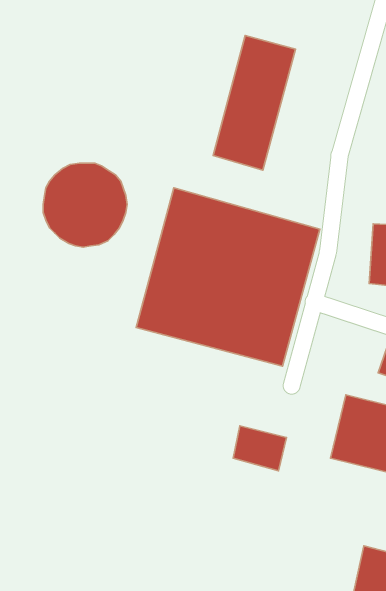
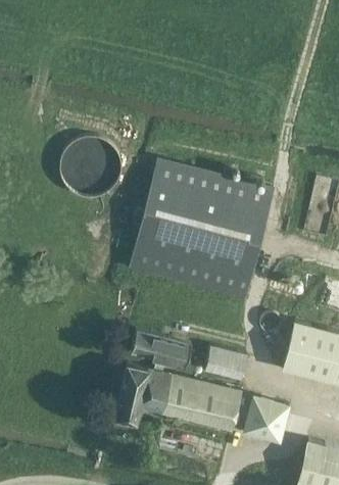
building: [213,35,295,170] -> none
building: none -> [114,332,242,431]
building: none -> [245,397,290,442]

